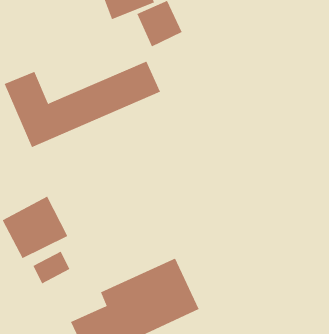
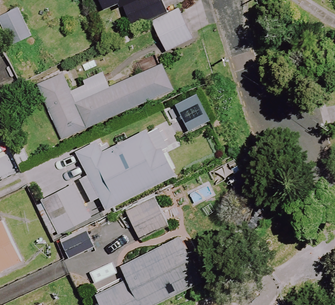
building: none -> [75,125,176,209]
building: none -> [123,193,169,239]

